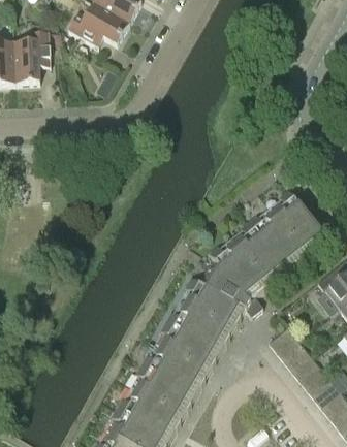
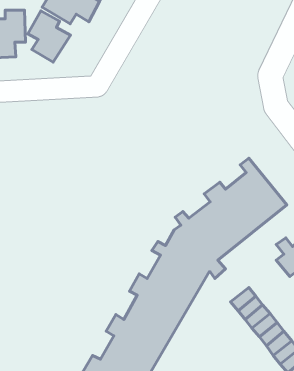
building: none -> [28,11,71,62]

